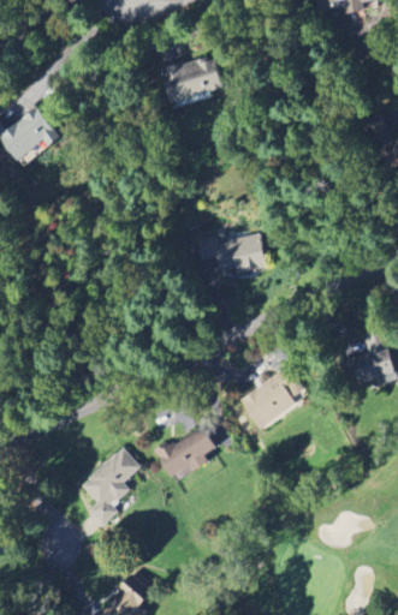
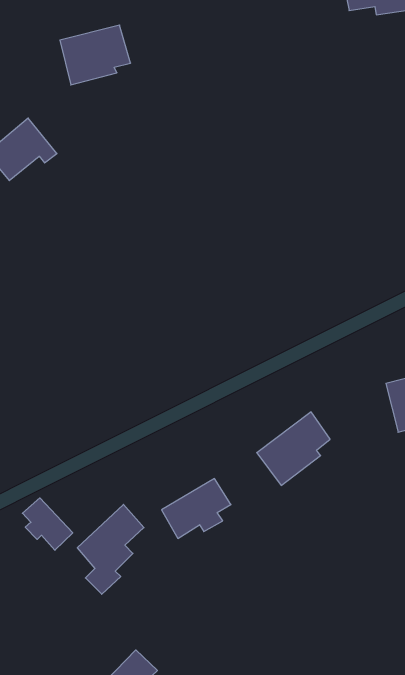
building: [161,54,224,107] -> [60,25,131,85]
building: [214,234,265,275] -> none
building: none -> [22,498,73,550]

